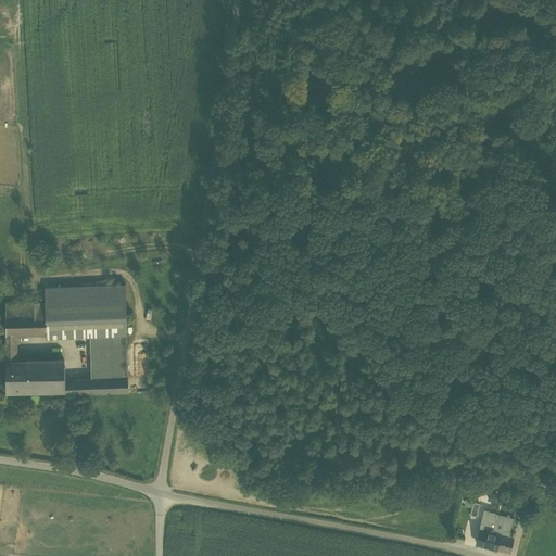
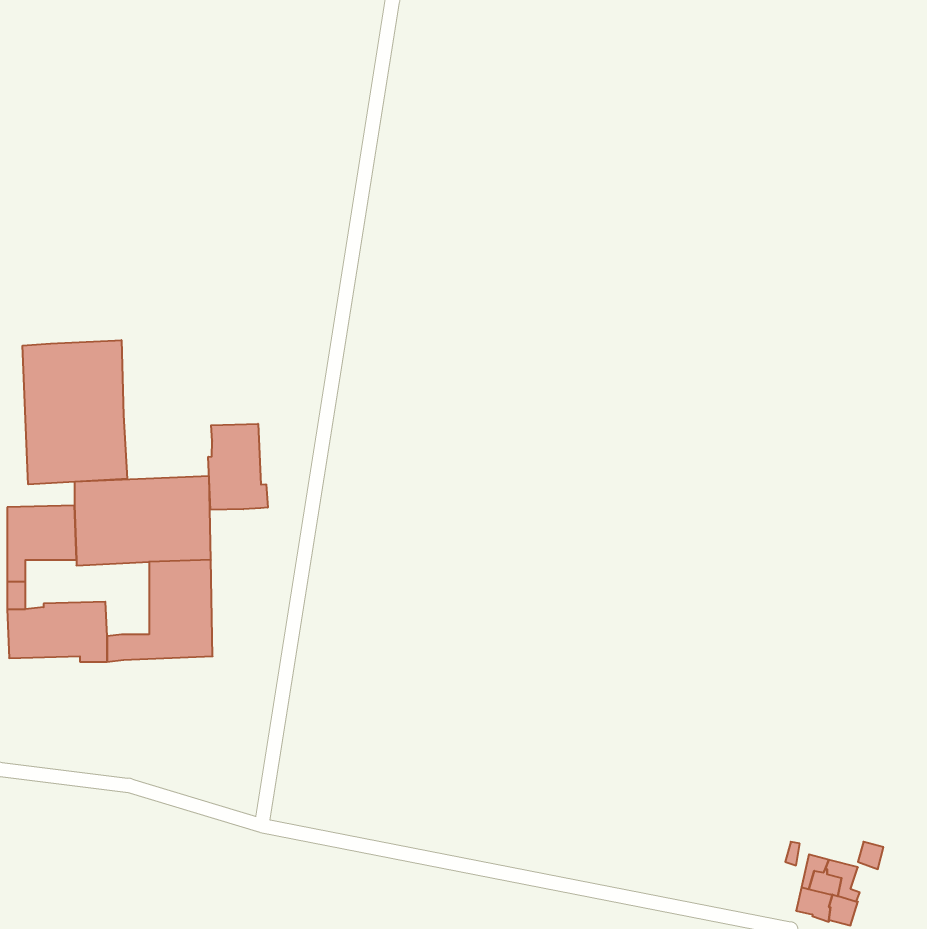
building: none -> [23,340,127,484]
building: none -> [208,424,268,510]

